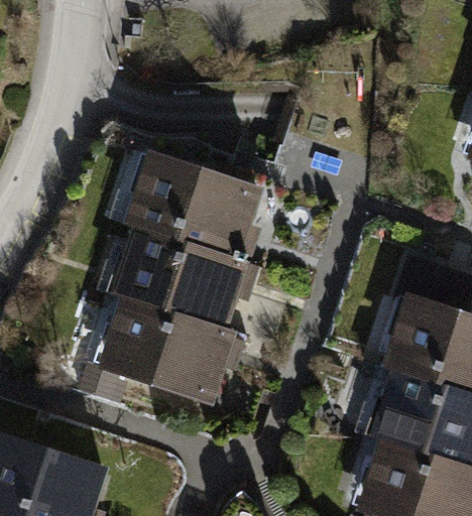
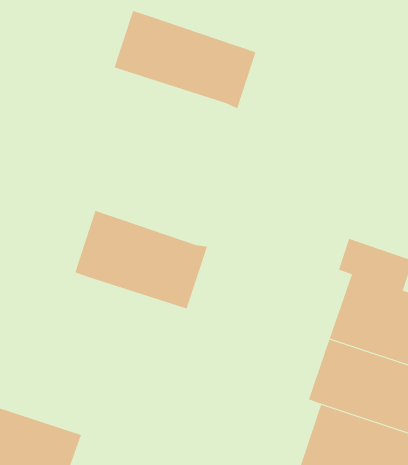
building: none -> [114,10,256,109]
building: [120,153,264,266] -> none
building: [96,300,240,410] -> none

